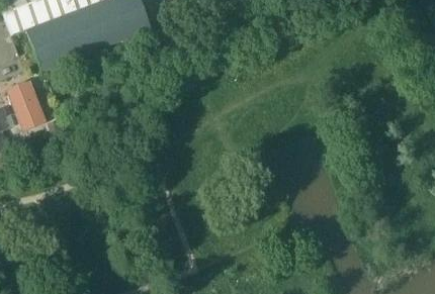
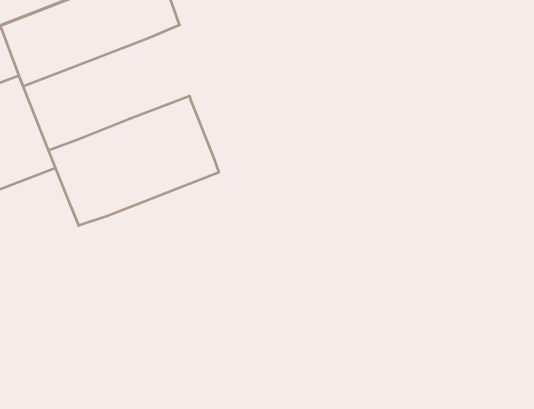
building: none -> [48,96,219,226]

